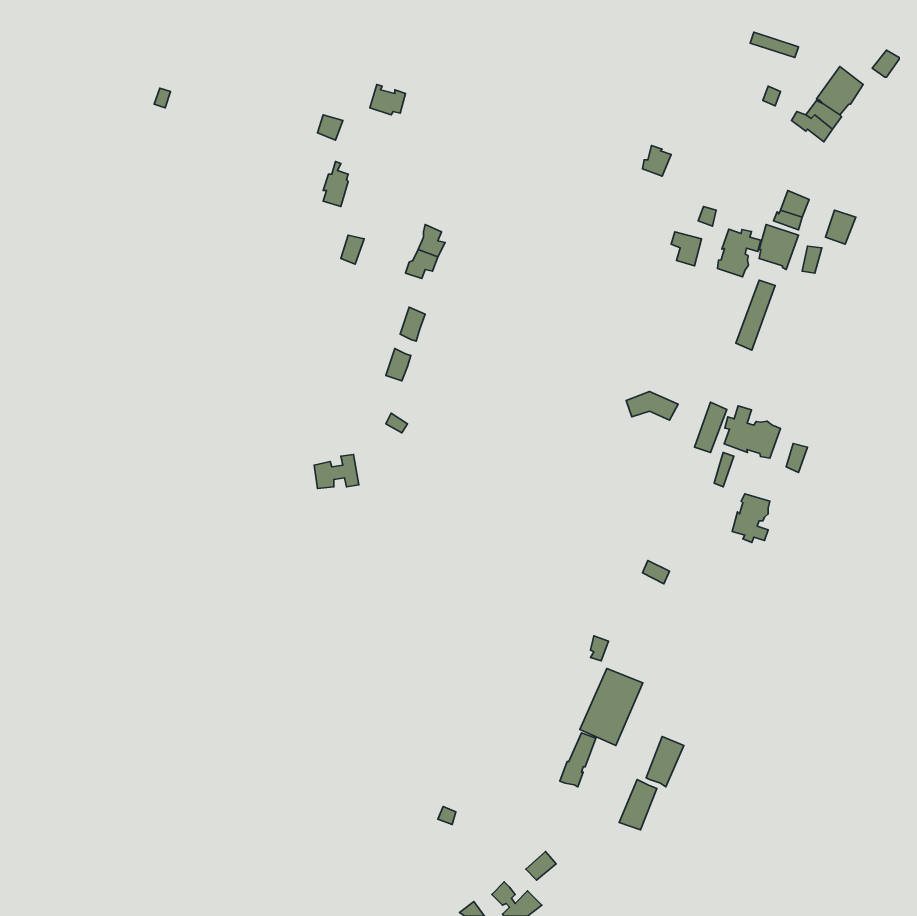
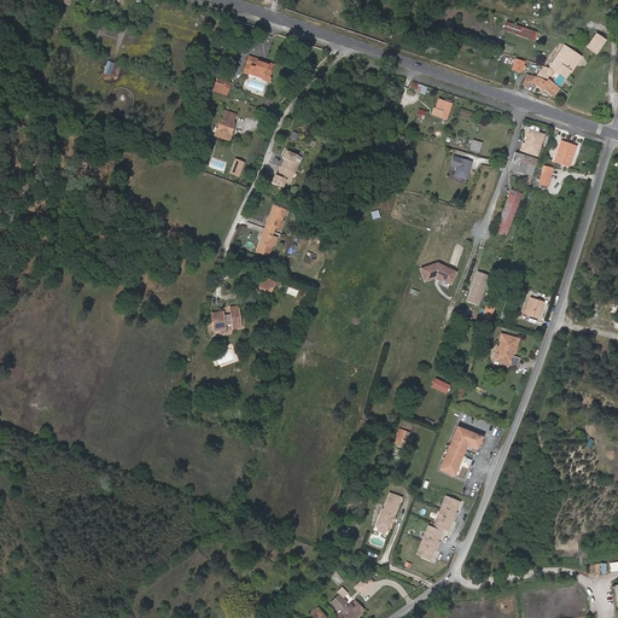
building: [718,229,761,277] -> none
building: [724,406,781,458] -> none
building: [580,668,643,746] -> [439,426,482,478]

